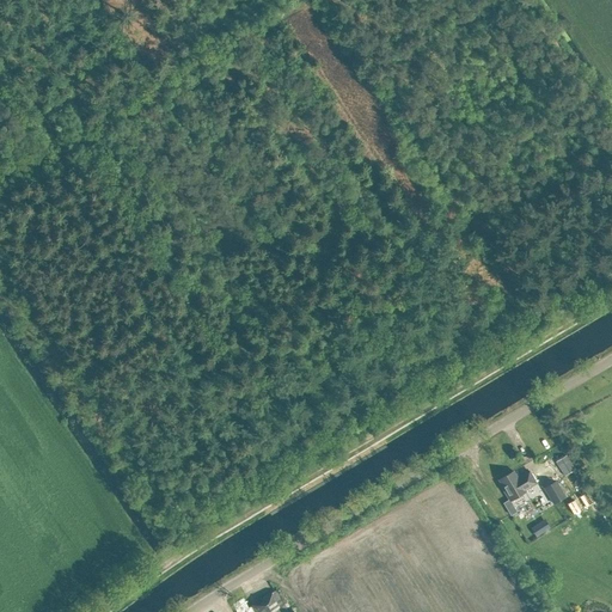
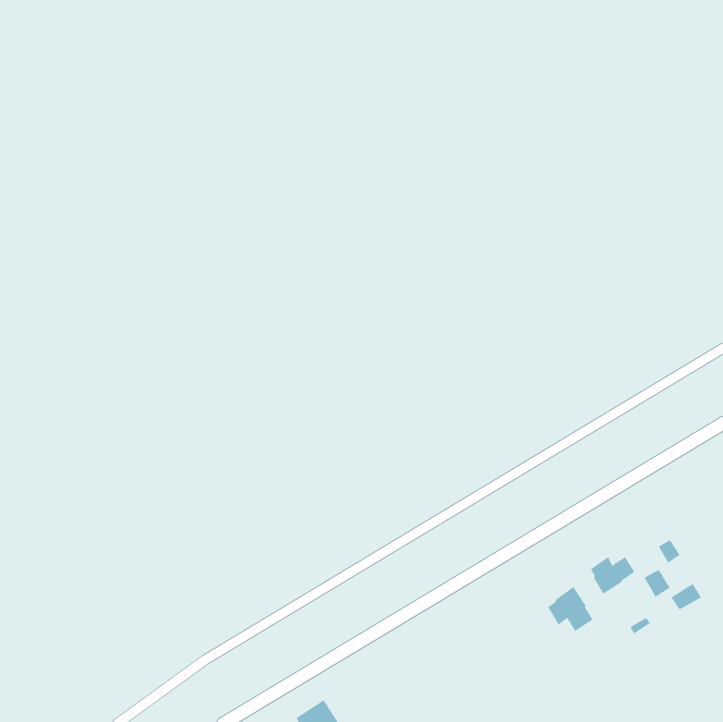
building: none -> [547,586,593,632]

